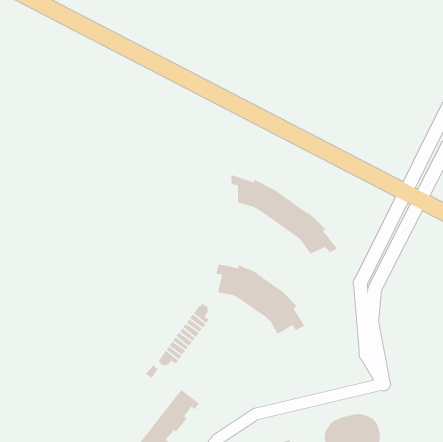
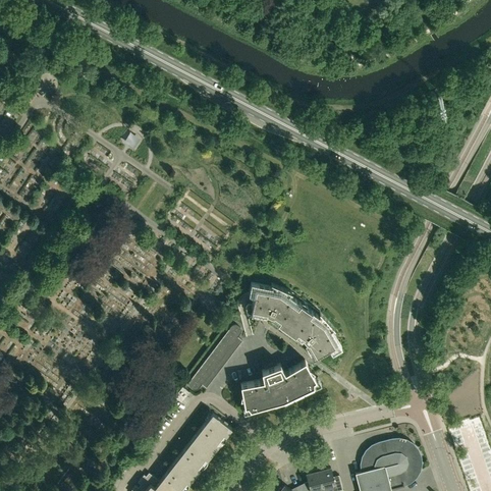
building: [230,174,338,254] -> none
building: none -> [240,363,321,416]

